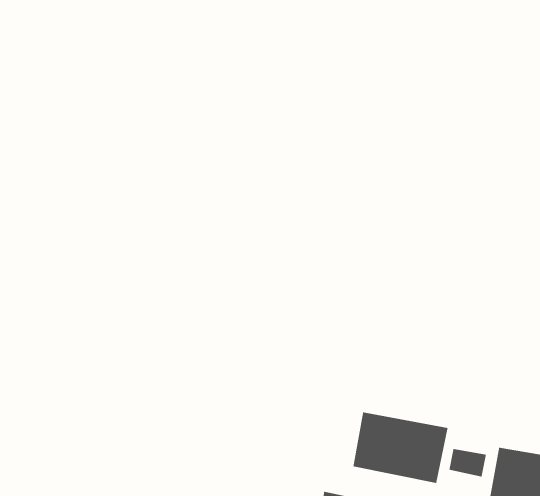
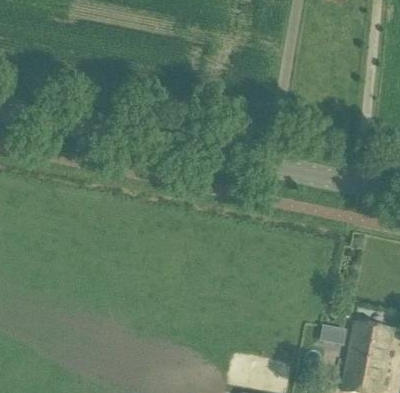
building: [353,411,448,484] -> none

